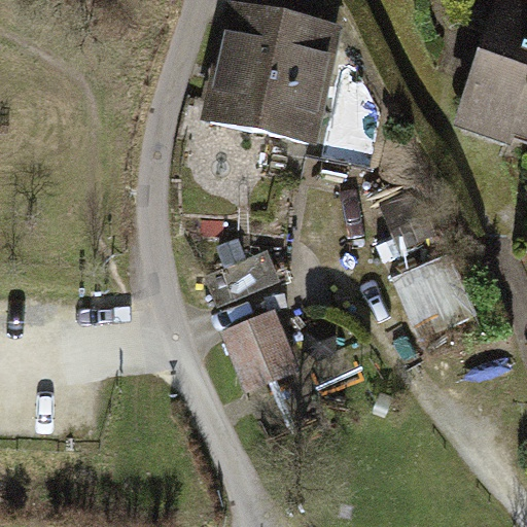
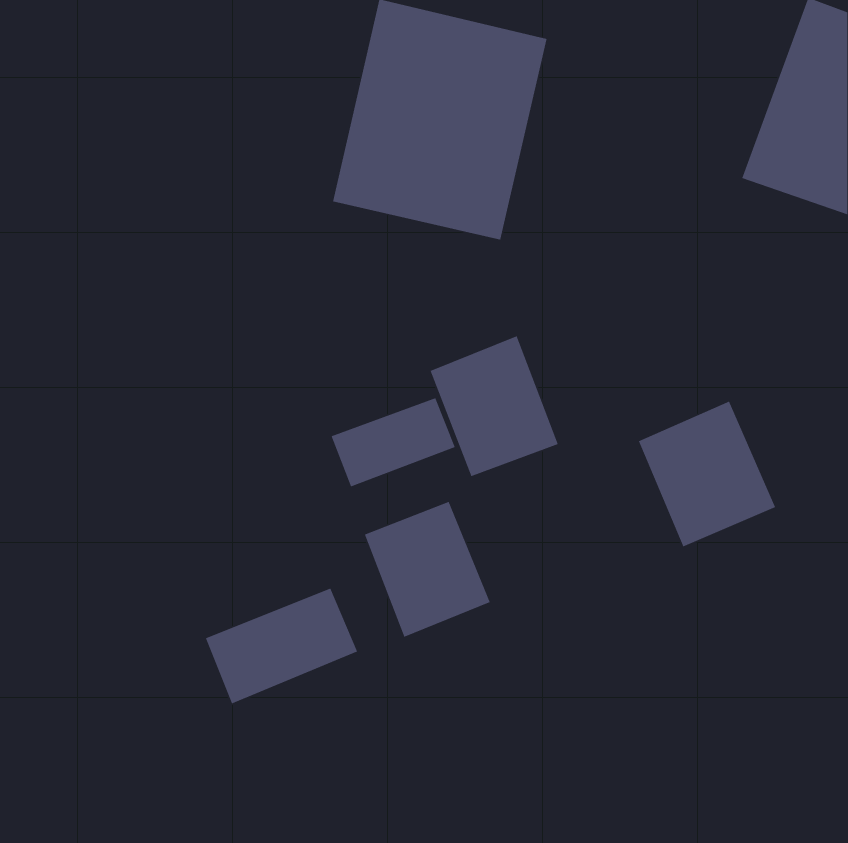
building: none -> [429,335,559,477]
building: none -> [205,587,358,704]

